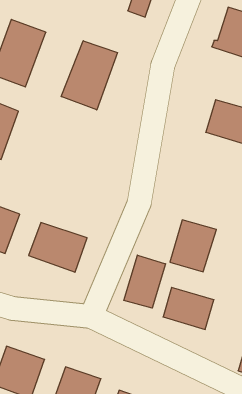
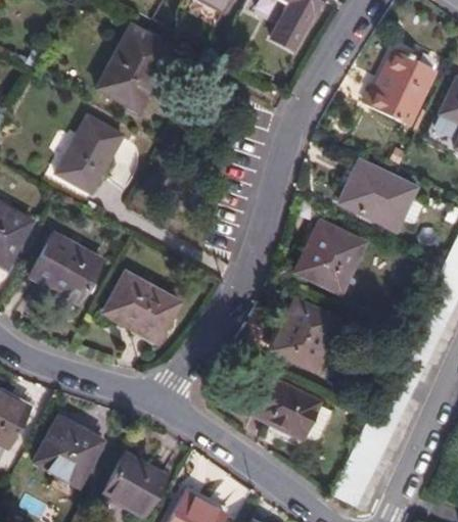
building: [61,41,118,110] -> none
building: none -> [299,223,362,290]
building: [124,255,166,308] -> none

